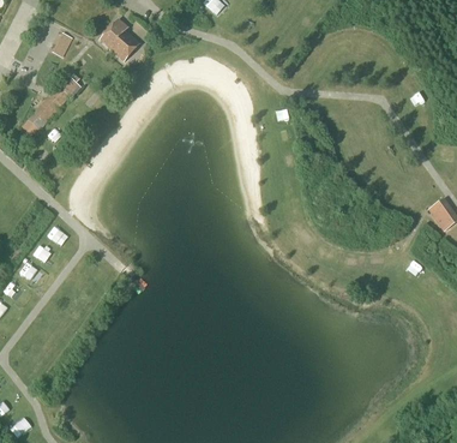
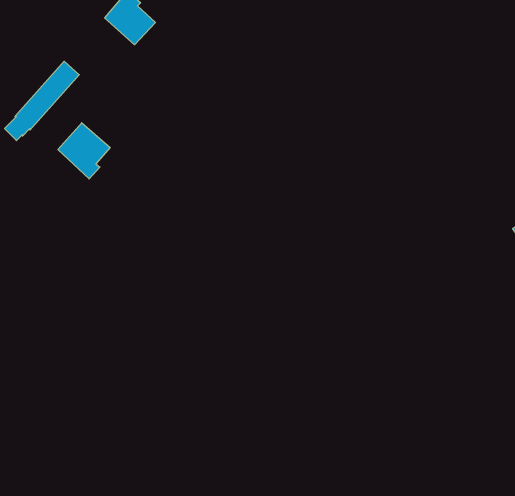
building: none -> [58,123,110,179]

